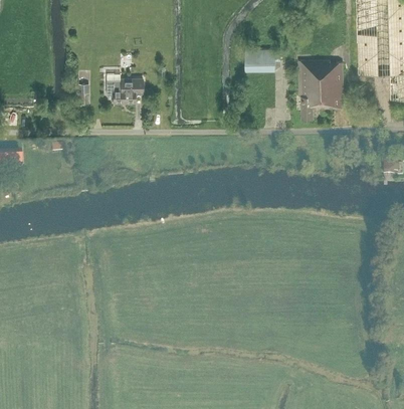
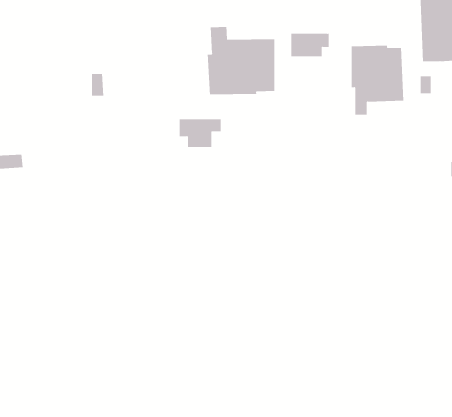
building: none -> [207,26,275,95]
building: [107,77,143,101] -> [179,119,222,147]

